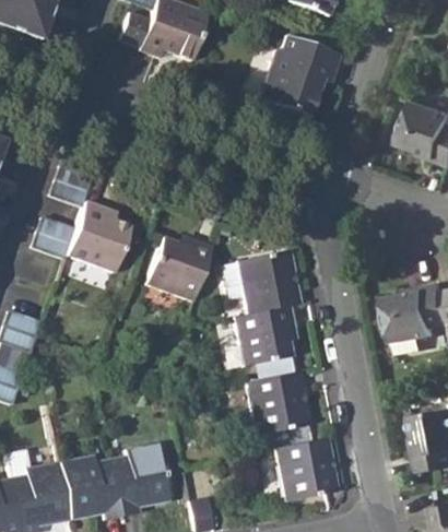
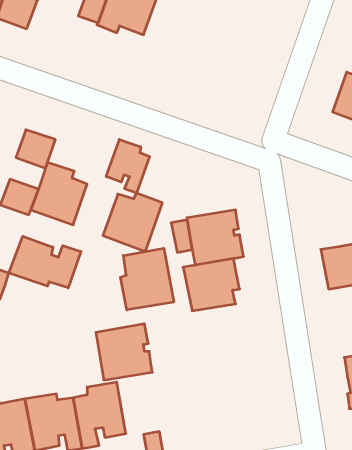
building: [259,28,342,110] -> none
building: none -> [106,139,150,193]
building: none -> [9,236,81,288]
building: none -> [120,248,174,310]
building: [244,375,306,437] -> [96,324,152,380]
building: [274,441,335,503] -> none

